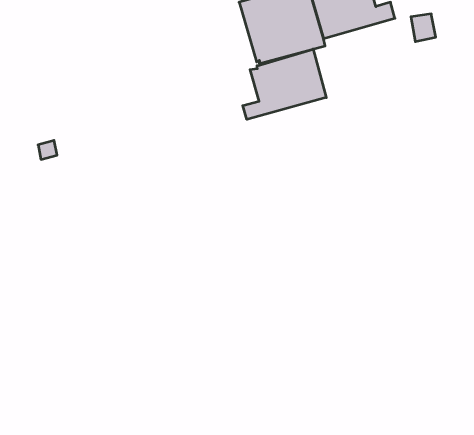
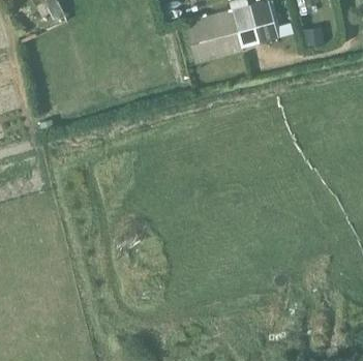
building: [243,49,326,119] -> none

